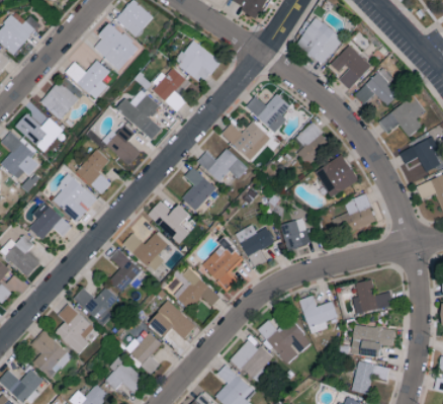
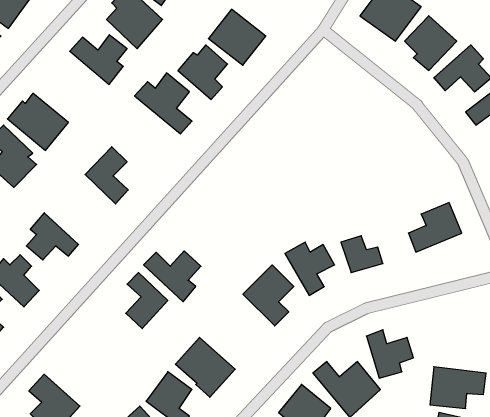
building: [40,81,78,119] -> none
building: [246,94,290,133] -> none
building: [220,122,271,161] -> none
building: [295,123,331,164] -> none
building: [101,125,140,166] -> none
building: [197,149,247,181] -> none
building: [315,154,358,197] -> none
building: [181,167,215,211] -> none
building: [52,173,96,222] -> none
building: [147,200,194,244] -> none
building: [170,265,219,309] -> none
building: [352,279,392,313] -> none
building: [73,287,118,326] -> none
building: [55,304,94,353] -> none

